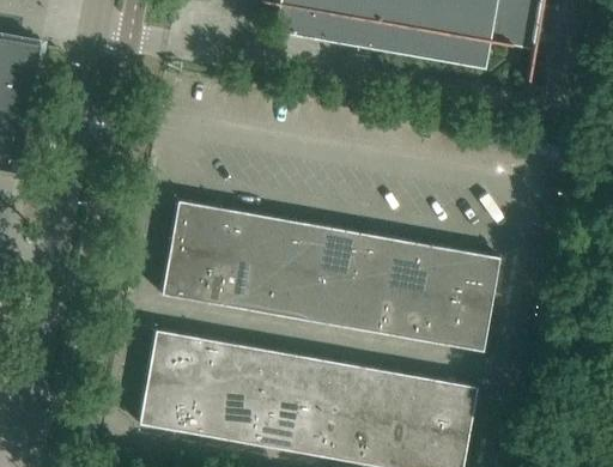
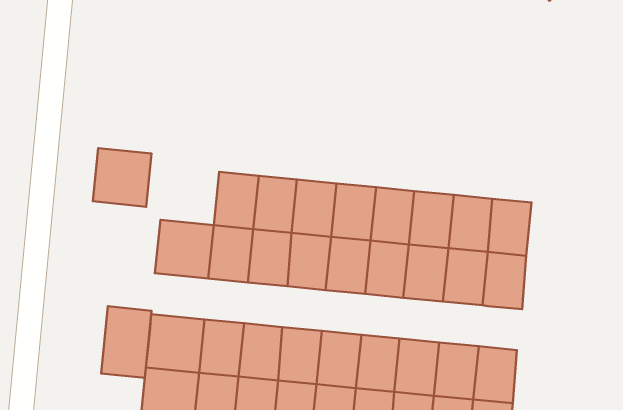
building: [170,201,225,256] -> [93,148,152,207]
building: none -> [101,306,152,378]

